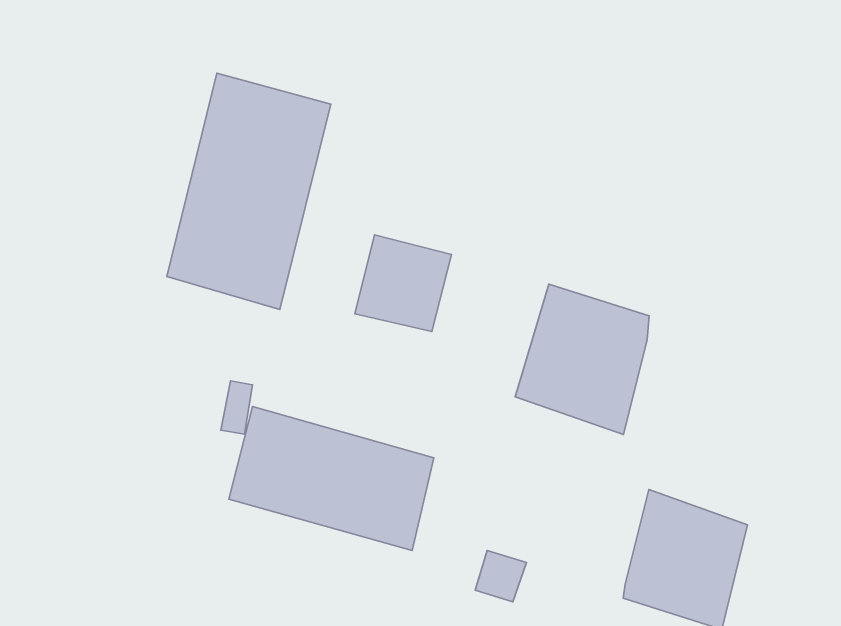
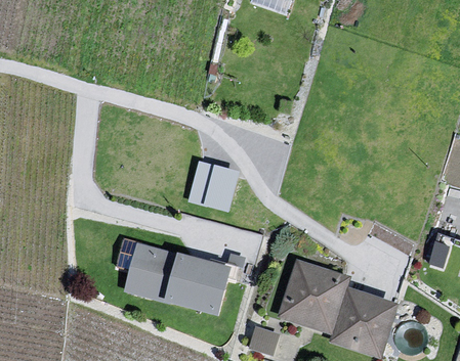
building: [167,73,331,310] -> none
building: [515,284,649,434] -> [276,258,345,335]

